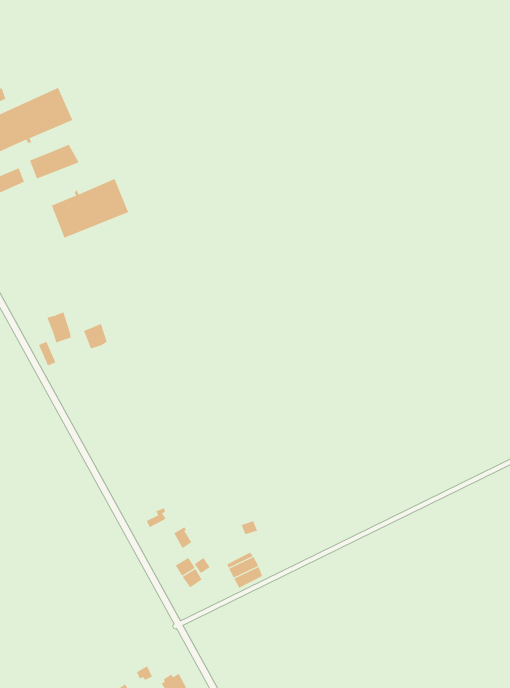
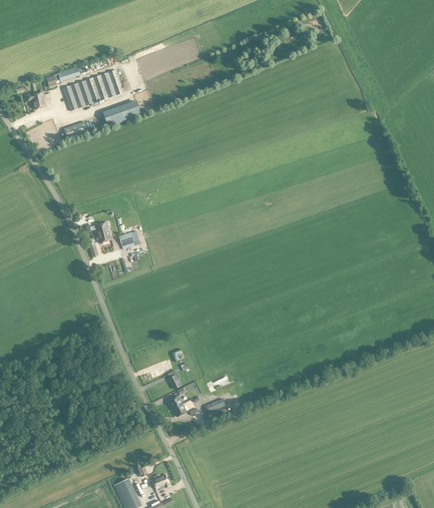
building: [51,178,129,238] -> none

